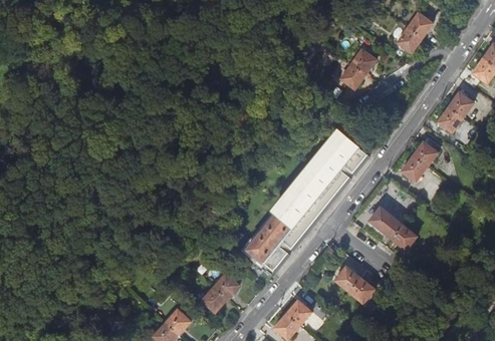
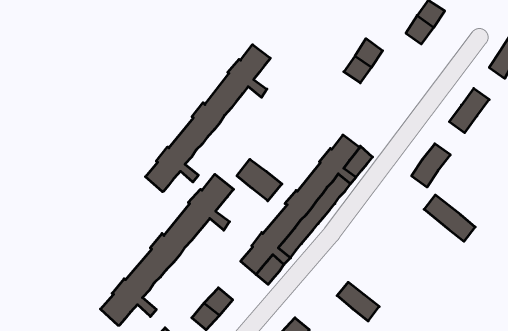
building: none -> [145,45,270,192]
building: none -> [237,159,282,201]
building: none -> [100,174,234,325]
building: [368,208,415,250] -> [424,195,475,241]

